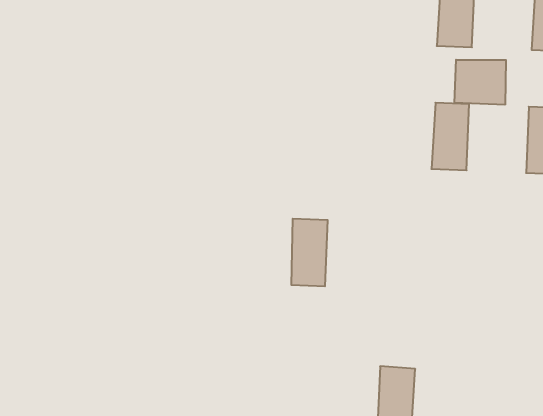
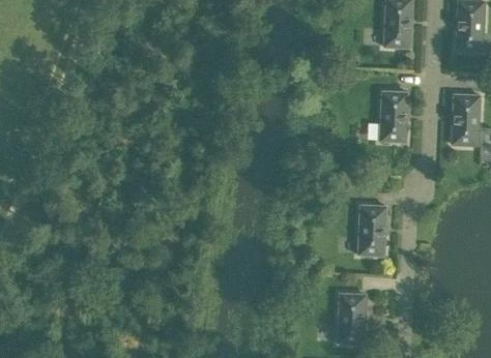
building: [454,60,506,105] -> none
building: [291,219,328,286] -> [358,205,386,257]

